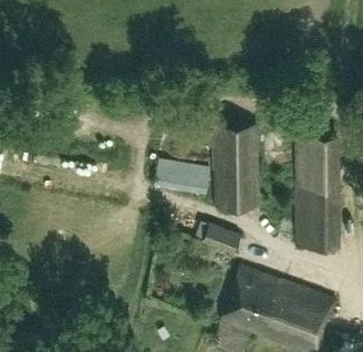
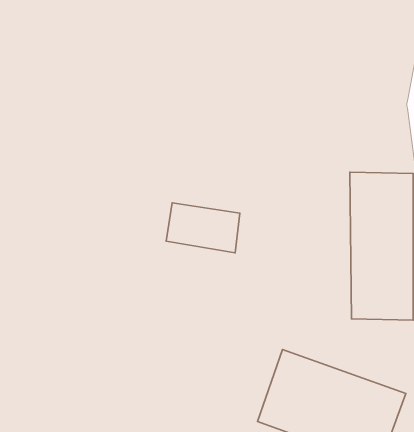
building: [215,125,258,206] -> none
building: [203,225,240,253] -> none

